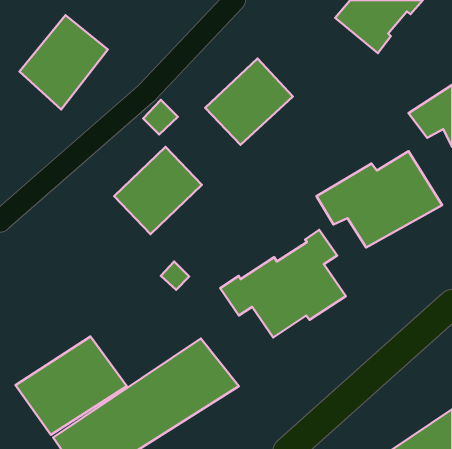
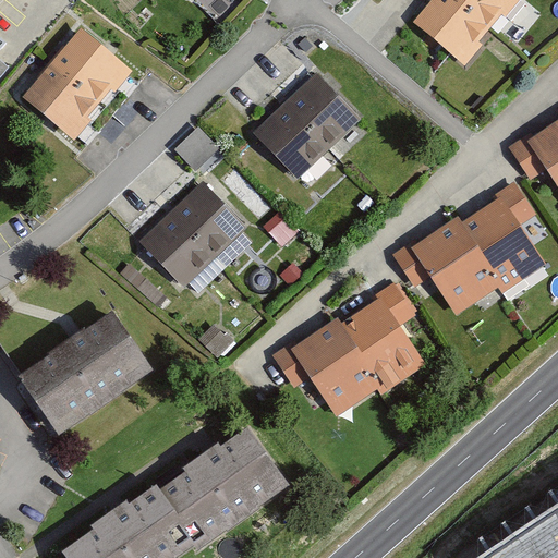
building: [15,337,127,435] -> [19,305,156,426]

